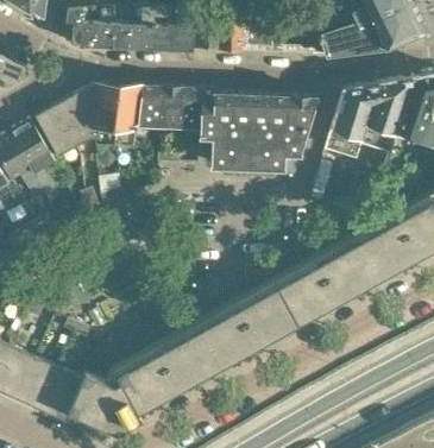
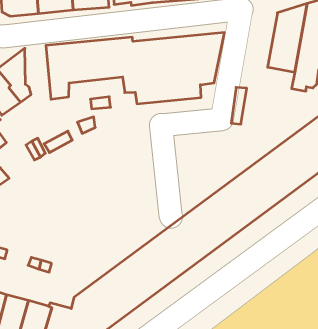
building: [325,83,379,158] -> none
building: [88,86,117,146] -> none

